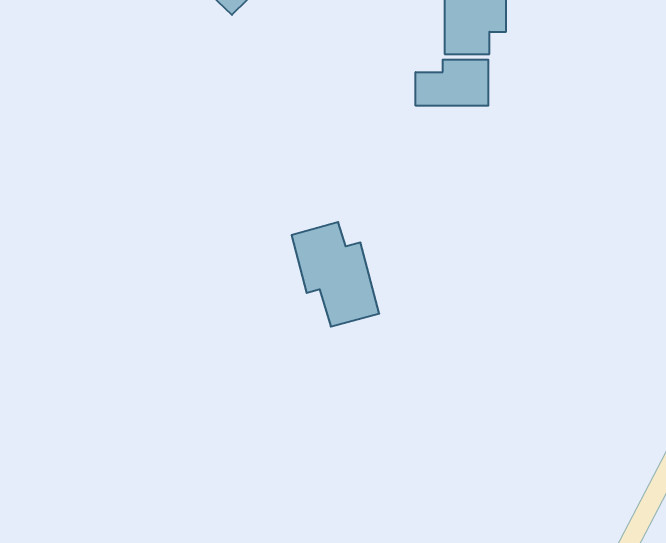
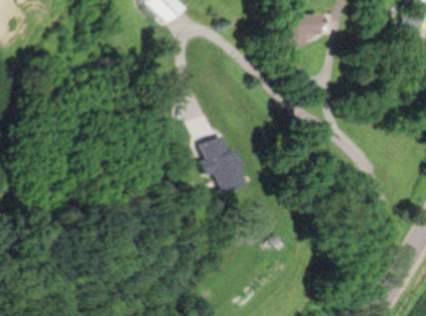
building: [416,60,488,106] -> none

